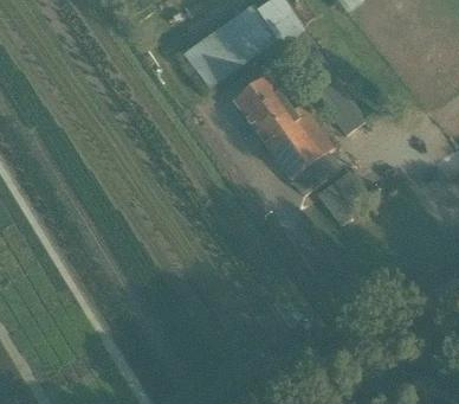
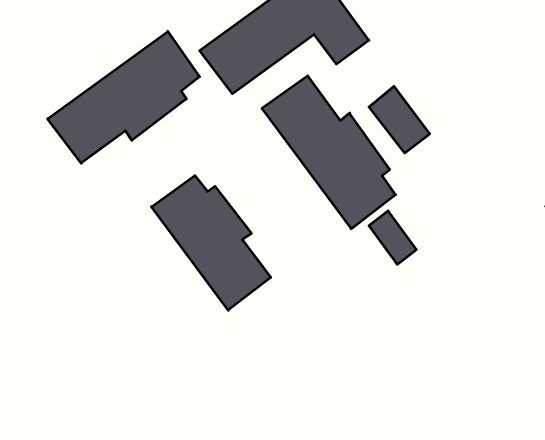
building: none -> [48,31,200,163]
building: none -> [151,176,271,310]

